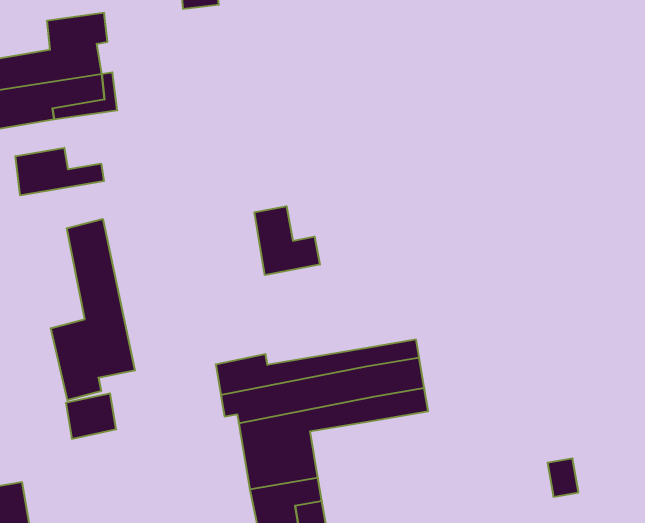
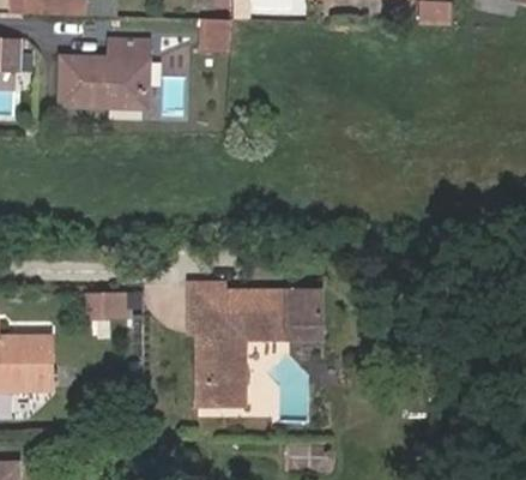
building: [16,148,104,195] -> none
building: [254,206,320,275] -> none
building: [51,219,135,400] -> none

